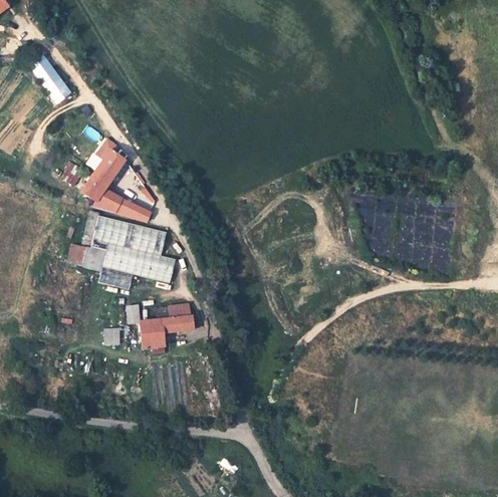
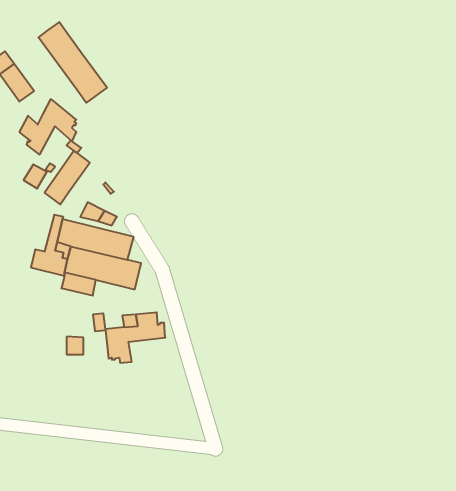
building: none -> [38,22,107,103]
building: none -> [20,99,76,155]
building: [93,189,123,213] -> none

